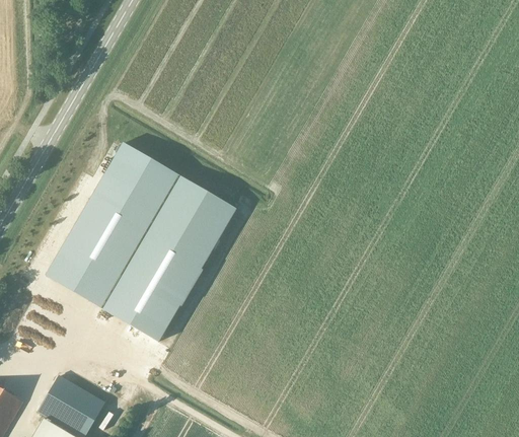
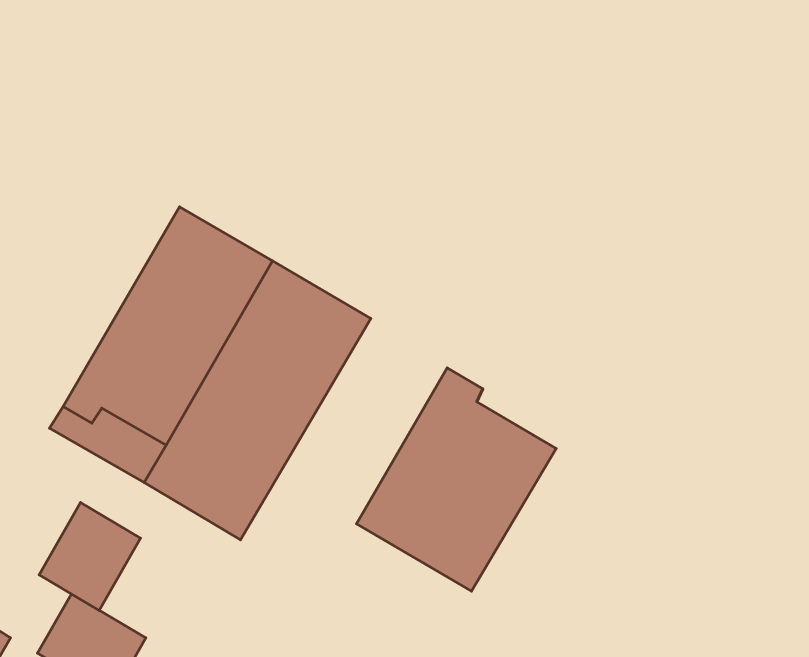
building: none -> [356,368,556,591]
building: none -> [39,503,141,610]

